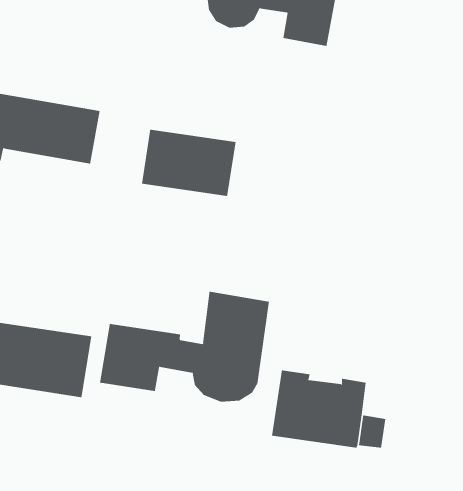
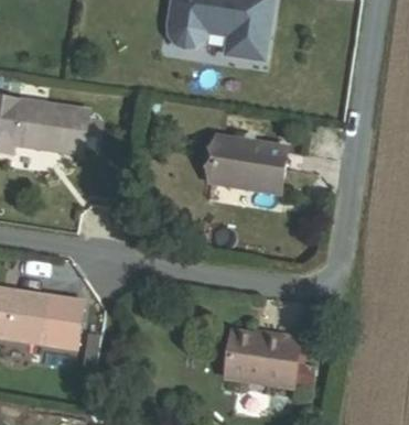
building: [141,129,236,197] -> [211,142,286,195]
building: [100,291,270,402] -> none

